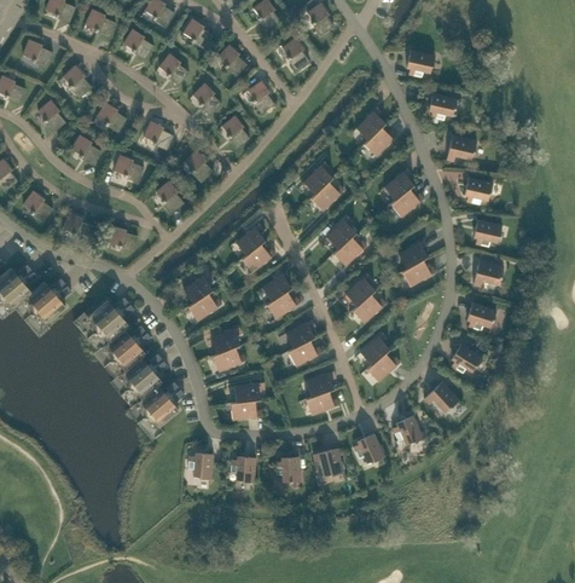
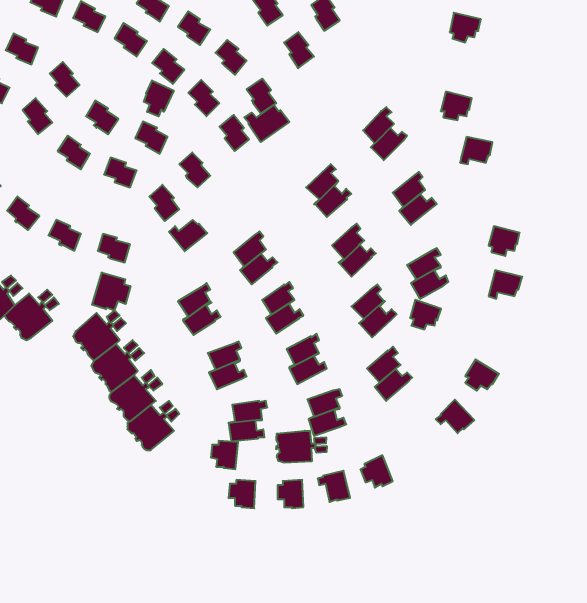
building: [406,50,435,77] -> [450,13,481,42]
building: none -> [144,80,174,116]
building: none -> [244,105,289,142]
building: [464,178,493,204] -> none
building: none -> [169,220,207,251]
building: none -> [92,272,130,311]
building: [466,302,495,330] -> [410,300,441,329]
building: none -> [276,431,327,463]
building: [391,415,423,445] -> none
building: [187,452,213,479] -> [211,441,238,469]

